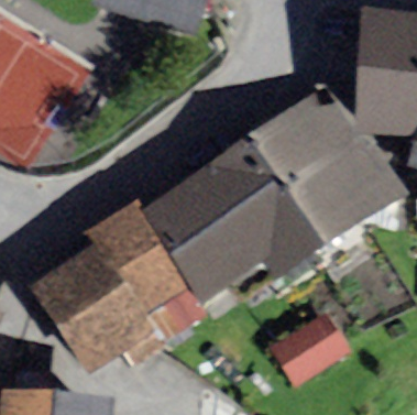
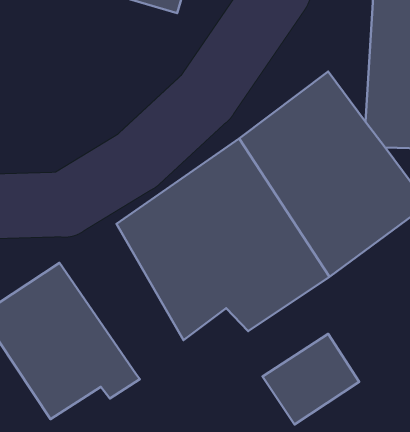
building: [81,199,197,339] -> none

